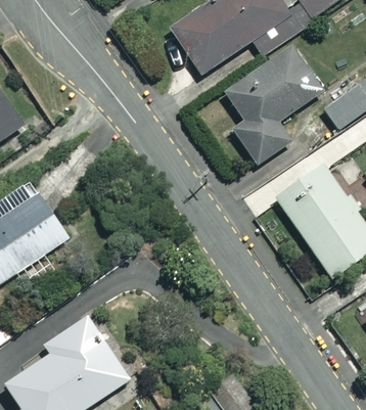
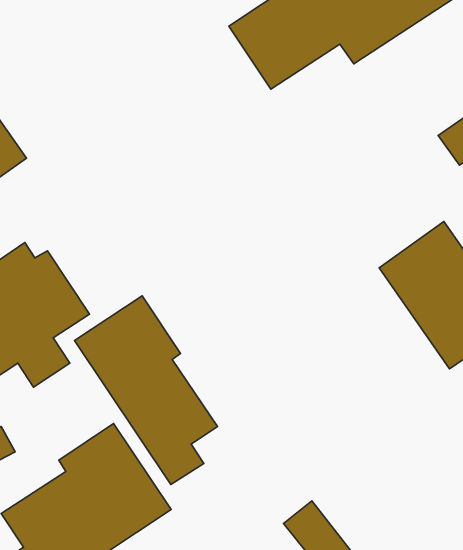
building: [225,45,324,165] -> none
building: none -> [75,296,218,485]

